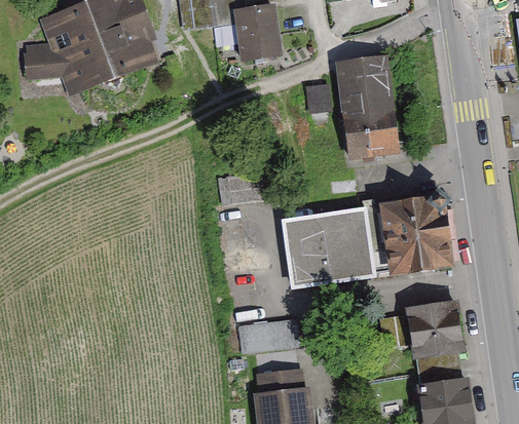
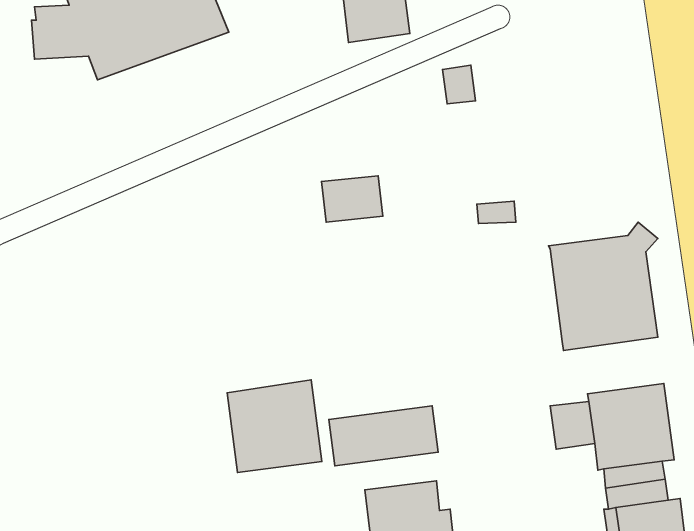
building: [334,54,400,160] -> none
building: [281,207,387,287] -> none
building: none -> [227,380,322,472]

